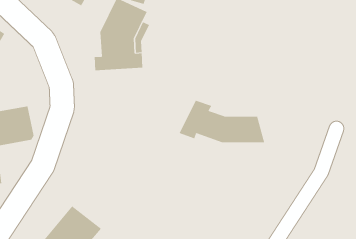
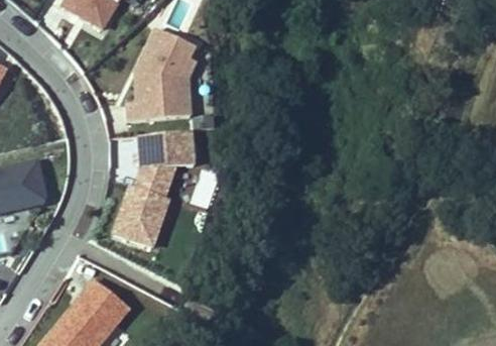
building: none -> [110,126,190,242]
building: [179,100,265,143] -> none

